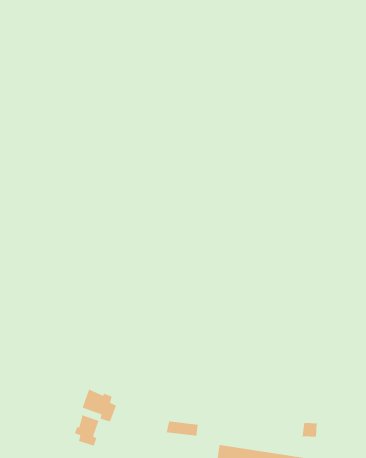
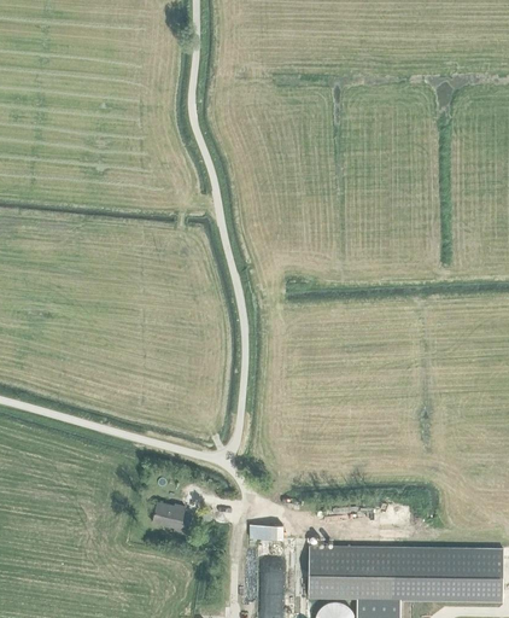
building: [74,414,99,446] -> none

